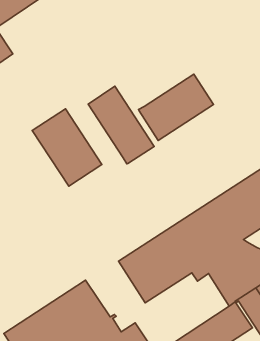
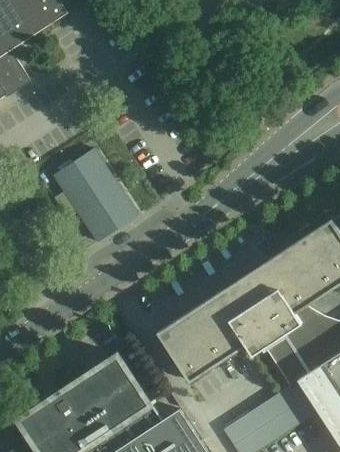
building: [139,74,214,141] -> none
building: [88,86,154,164] -> none

